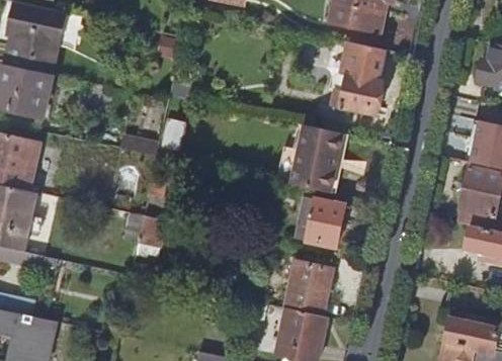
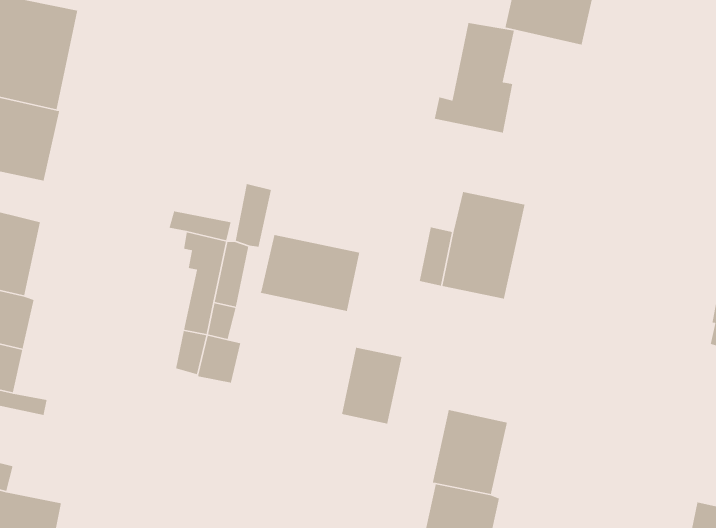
building: [334,44,385,114] -> [434,22,515,134]
building: none -> [259,234,360,312]
building: [308,198,346,247] -> [341,347,402,424]

